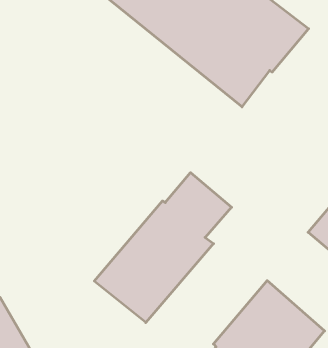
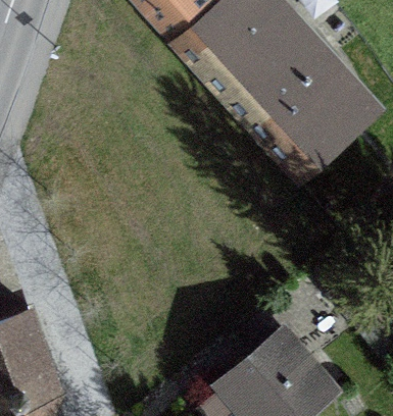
building: [94,173,232,323] -> none

